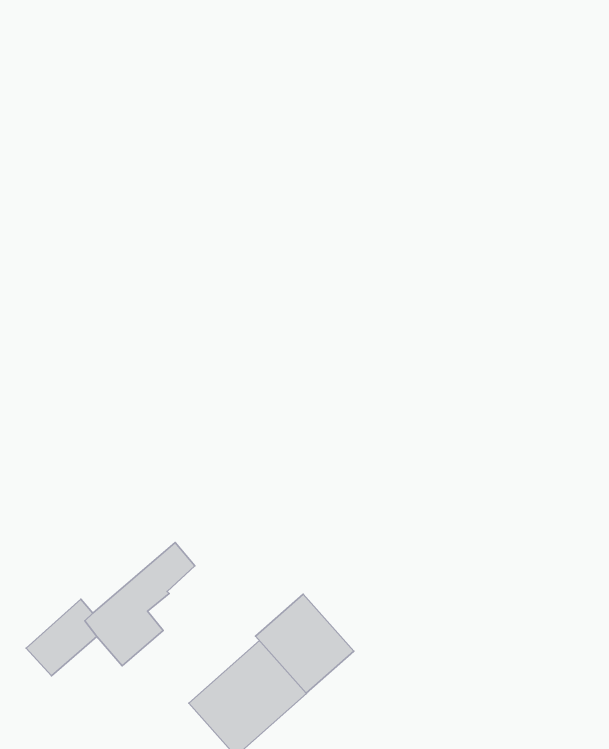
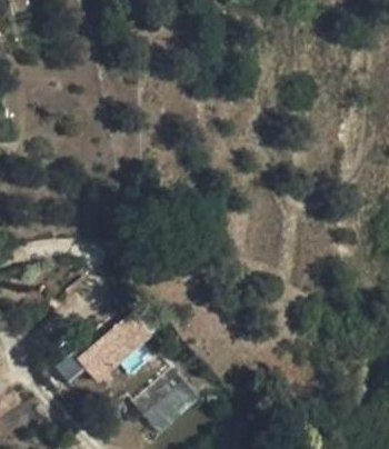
building: [256,594,354,693] -> none

